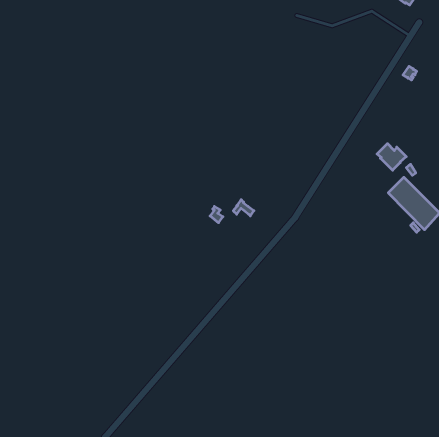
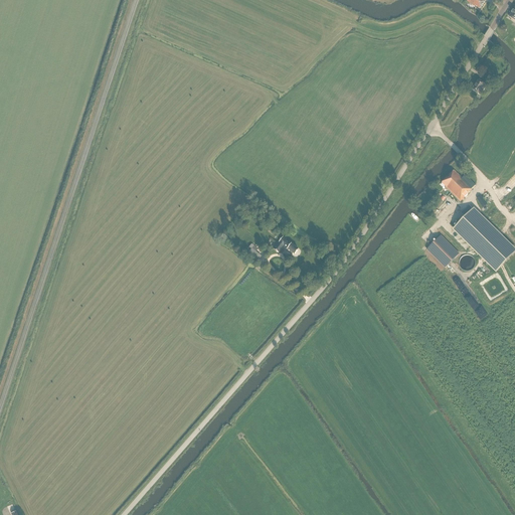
building: none -> [425,233,458,266]

